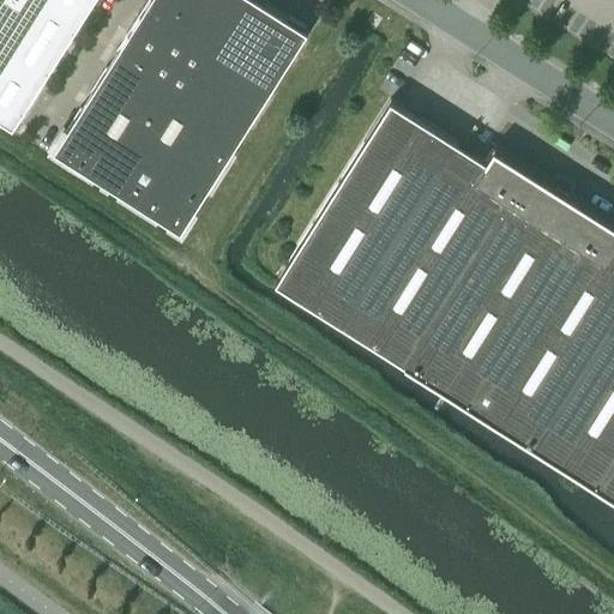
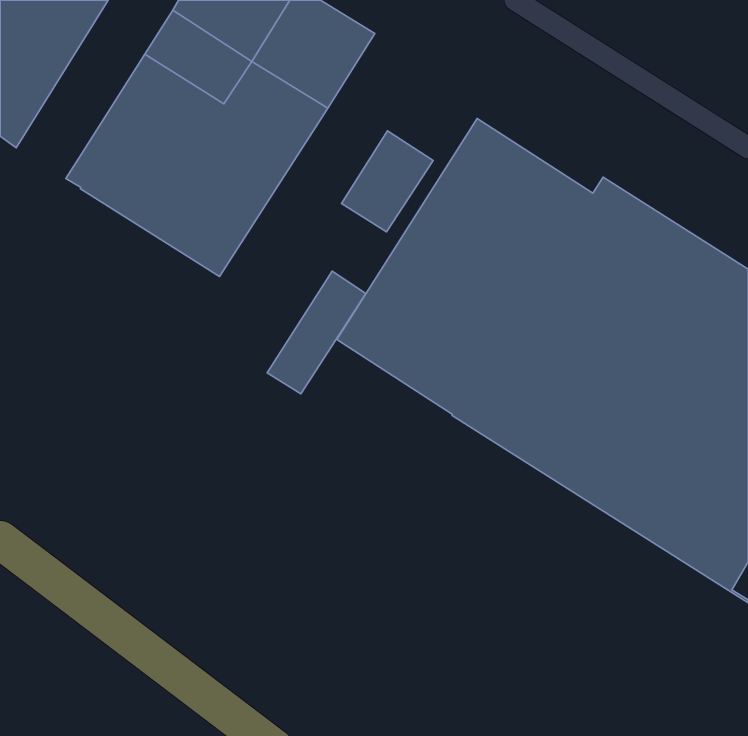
building: none -> [341,131,433,232]
building: none -> [267,271,366,394]

